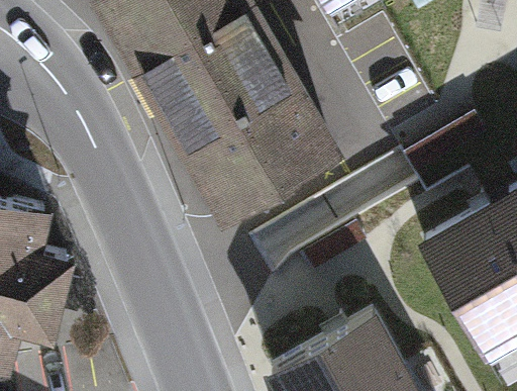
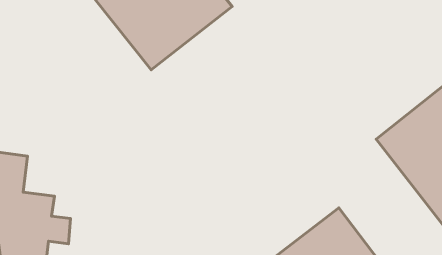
building: [191,82,329,213] -> none

